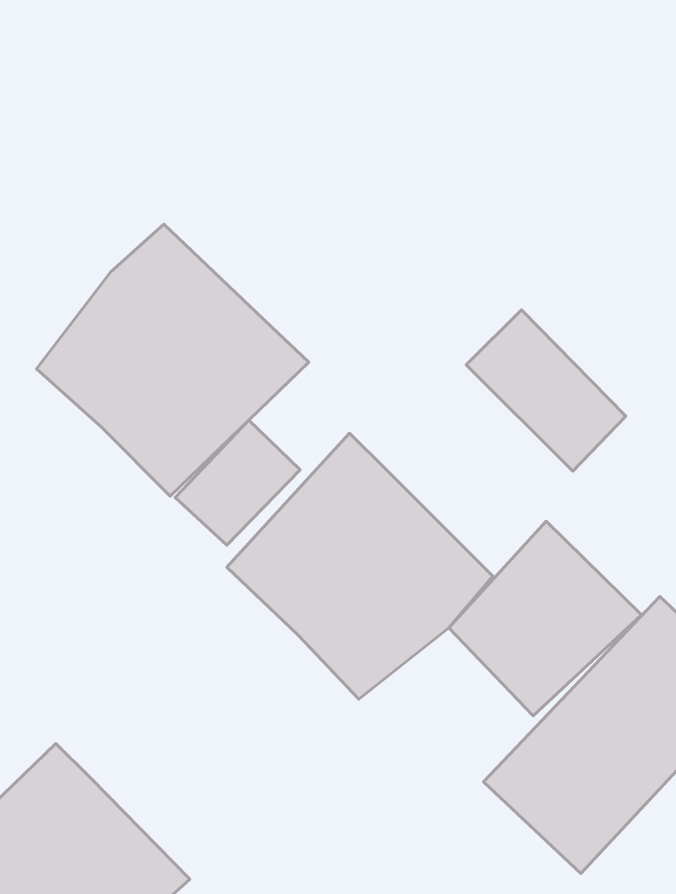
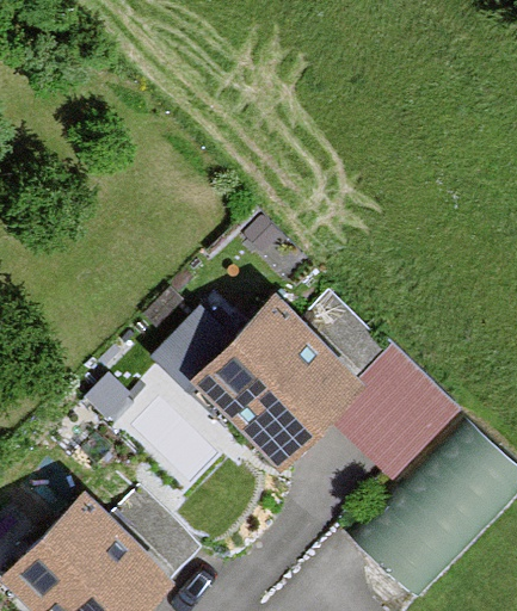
building: [36,224,309,496] -> none
building: [466,310,626,471] -> [295,285,399,390]
building: none -> [103,486,204,587]

